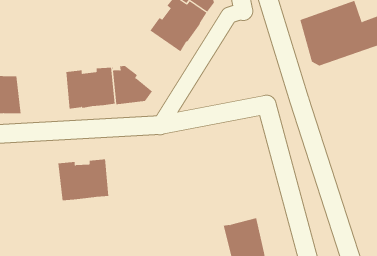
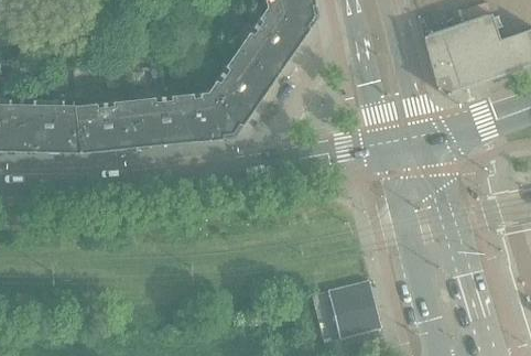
building: none -> [207,48,275,123]
building: [57,159,109,201] -> [74,99,138,151]

